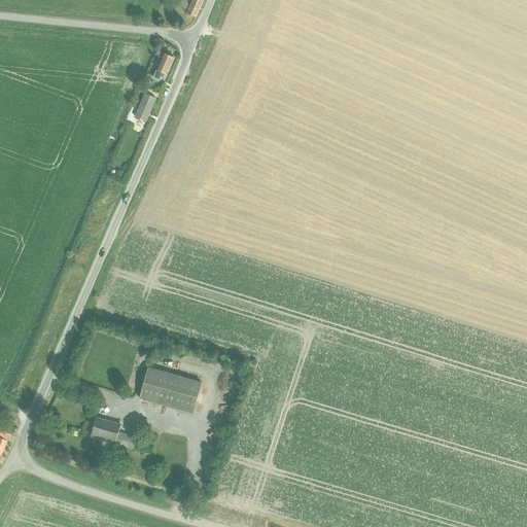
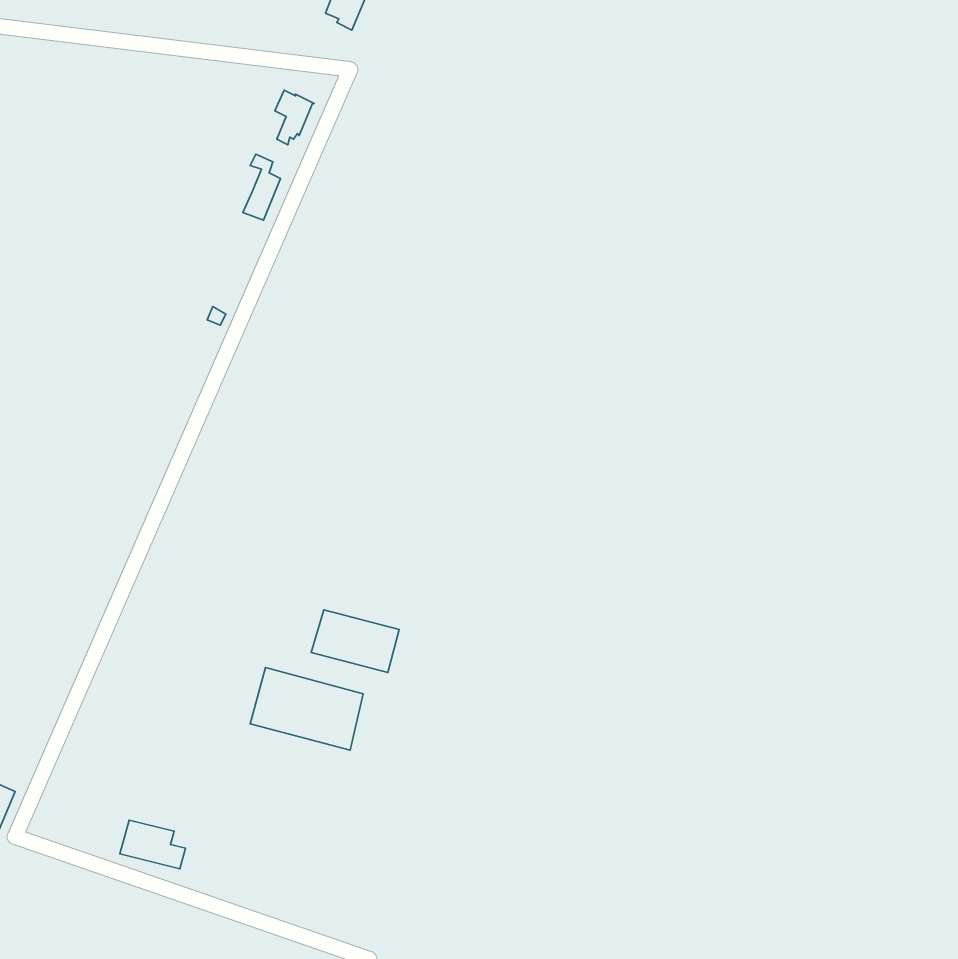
building: none -> [311,610,399,673]
building: [89,417,125,444] -> [120,820,186,869]

